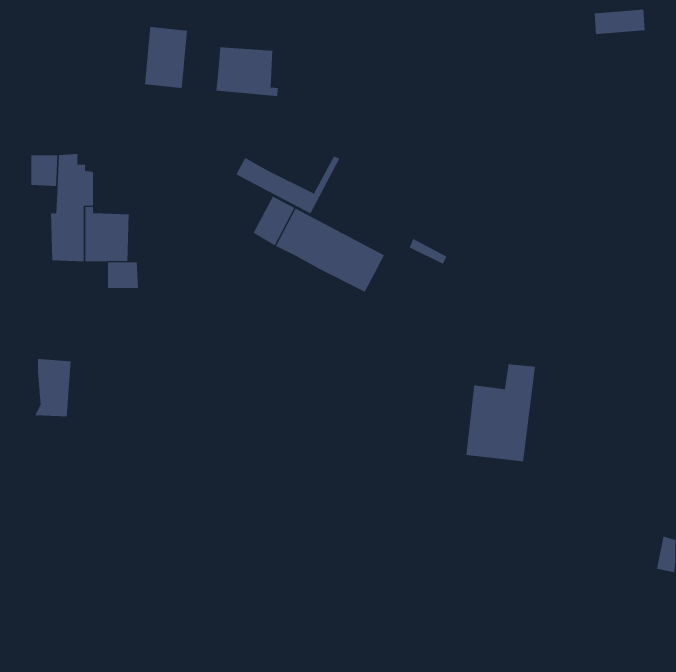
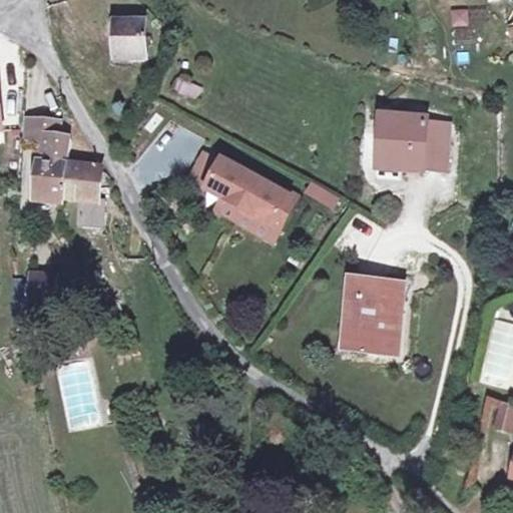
building: [216,47,278,97] -> none
building: [236,156,340,214] -> [217,193,297,237]
building: none -> [379,118,442,171]
building: none -> [336,271,385,345]

